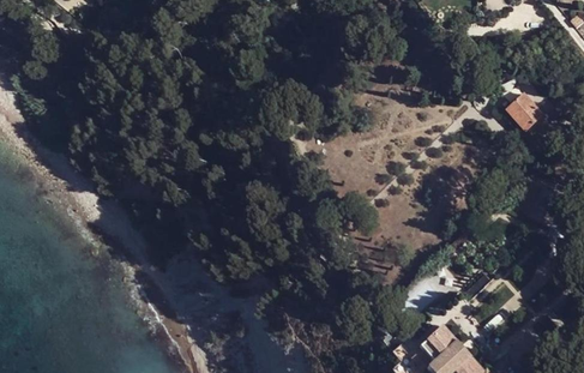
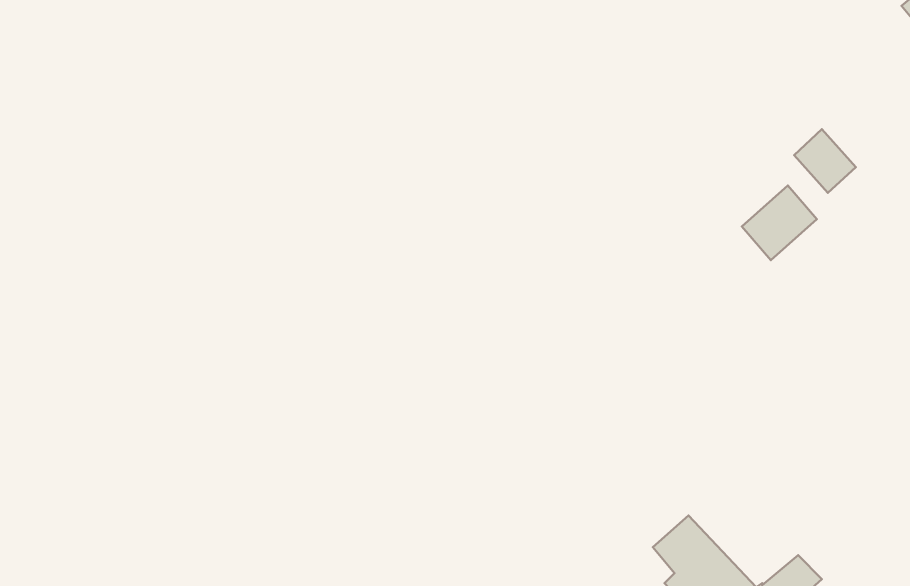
building: none -> [742,185,817,260]

